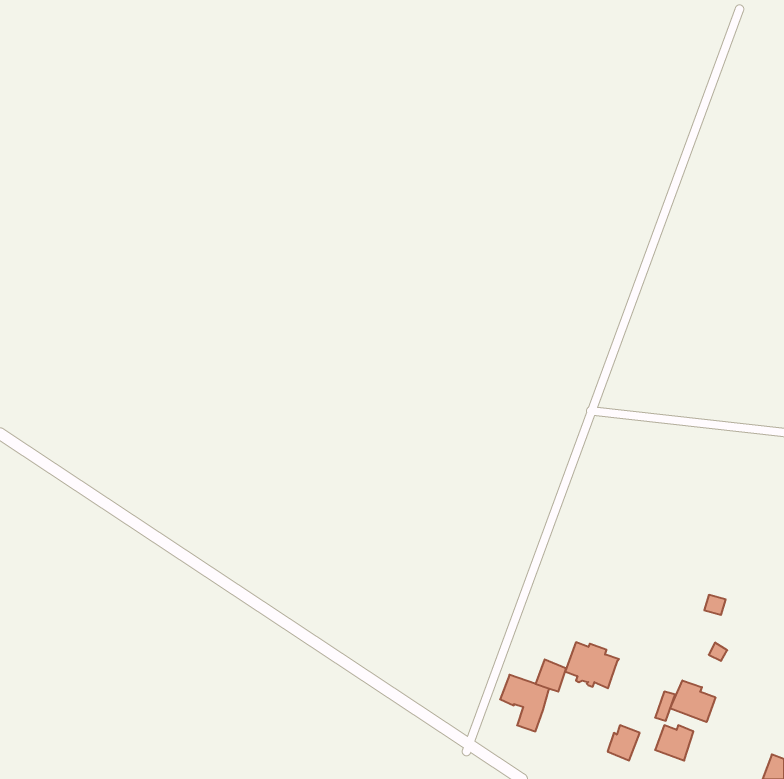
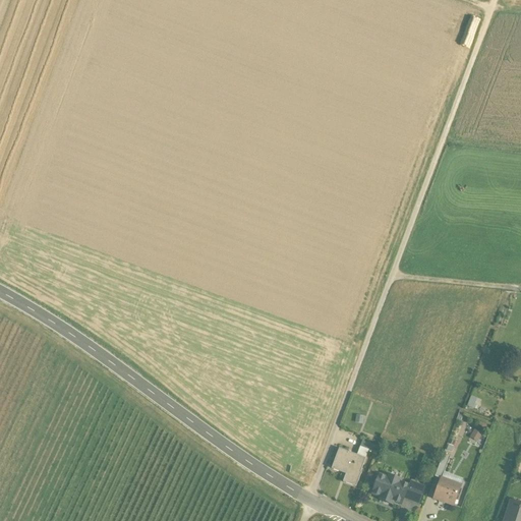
building: [565,642,619,688] -> [372,474,408,505]
building: [670,680,715,722] -> none

